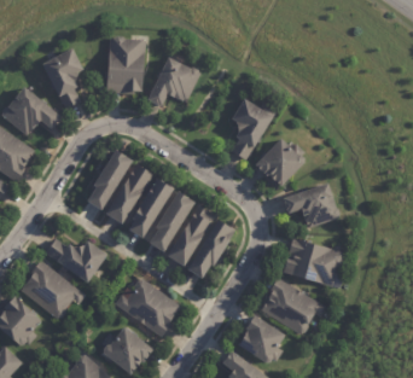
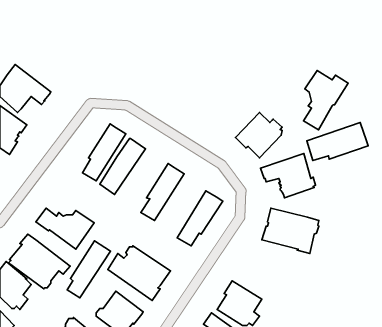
building: [104,36,142,94] -> none
building: [40,48,80,111] -> none
building: [146,58,198,106] -> none
building: [227,98,274,161] -> [304,71,348,130]
building: none -> [307,123,368,160]
building: [133,179,179,239] -> [67,241,111,298]
building: [171,208,220,267] -> none
building: [258,278,324,336] -> none

